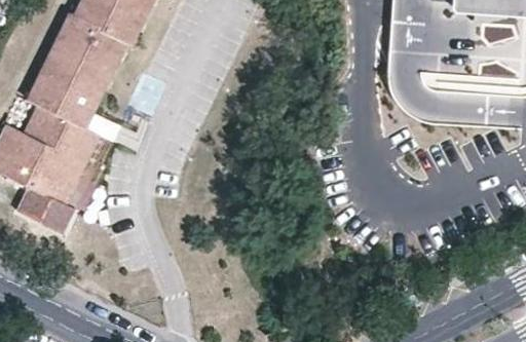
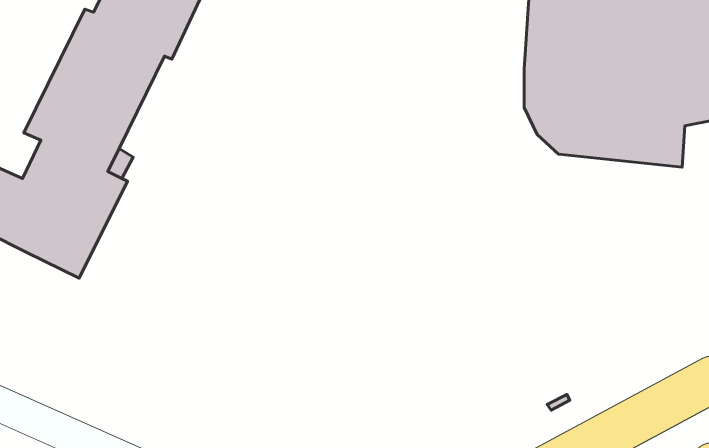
building: [15,188,76,237] -> none

